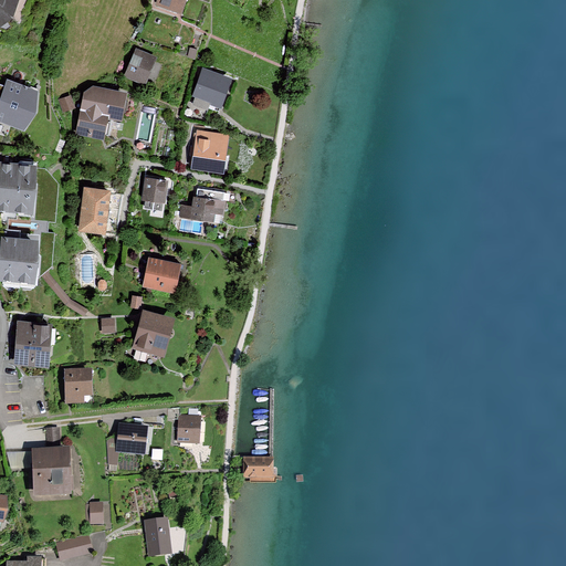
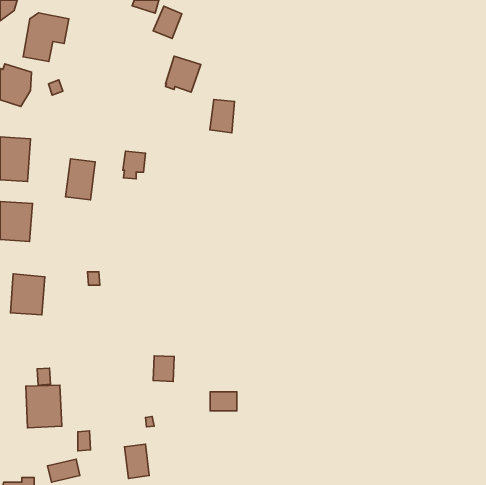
building: [125,46,158,84] -> [153,6,182,39]
building: [74,83,127,139] -> [23,13,69,61]
building: [193,132,222,170] -> [210,99,235,133]
building: [180,188,227,222] -> none
building: [144,255,182,293] -> none
building: [132,310,175,358] -> none
building: [62,369,92,405] -> none
building: [115,423,147,457] -> none

